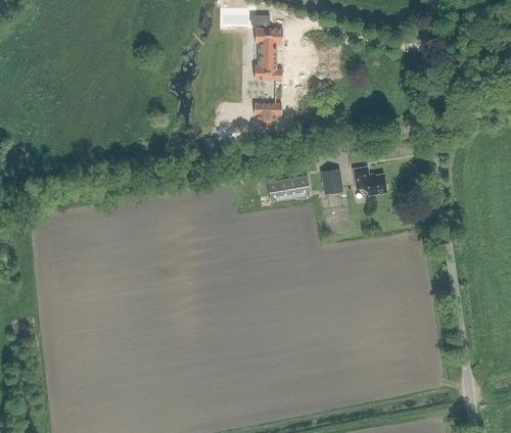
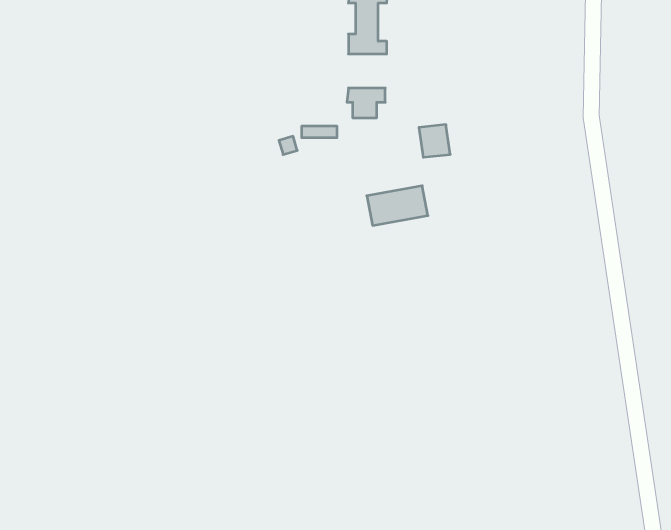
building: [352,166,387,195] -> none
building: [321,170,343,193] -> [419,125,450,157]

